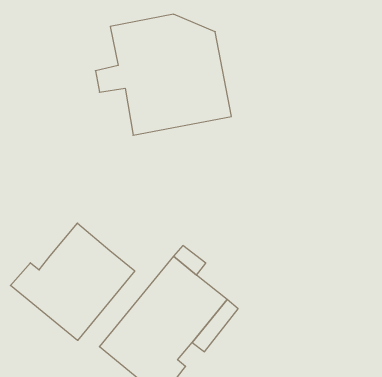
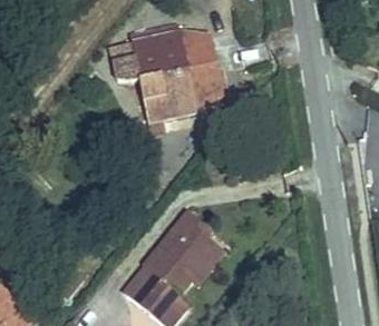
building: [10,223,135,340] -> none

